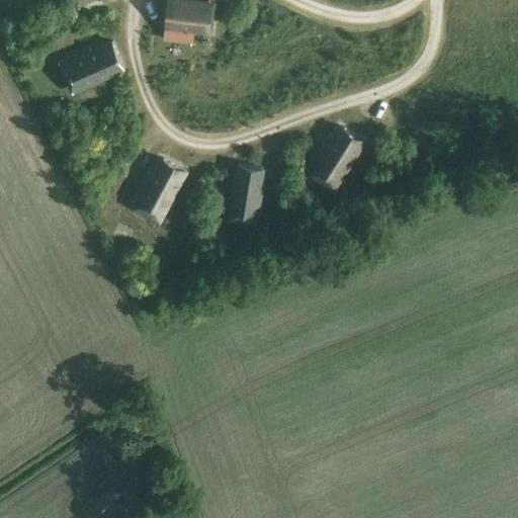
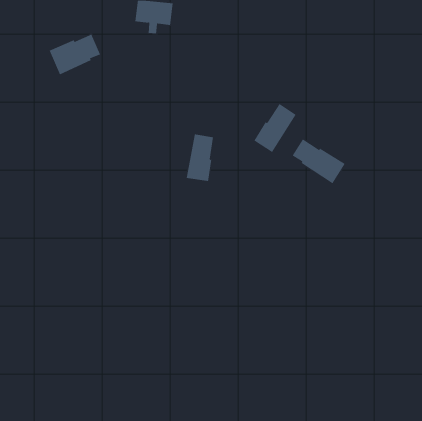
building: [135,159,185,221] -> none
building: none -> [292,139,346,184]

